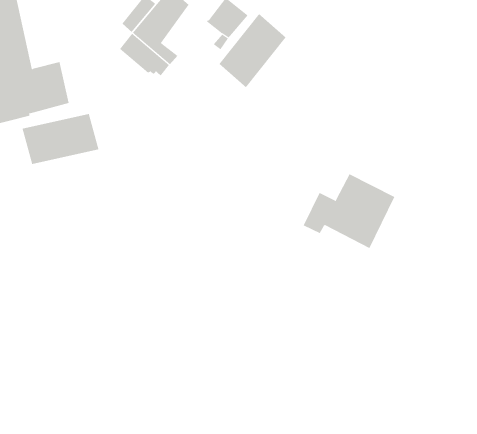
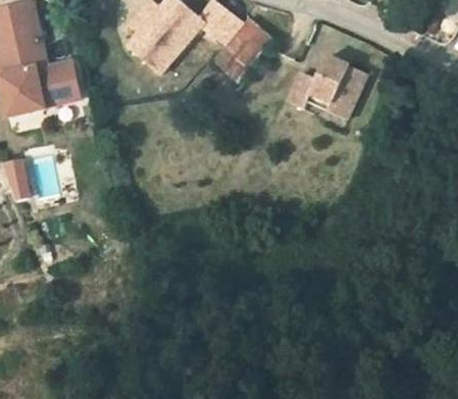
building: none -> [162,9,203,54]
building: [22,113,99,165] -> none
building: [303,174,395,249] -> [287,52,368,118]

